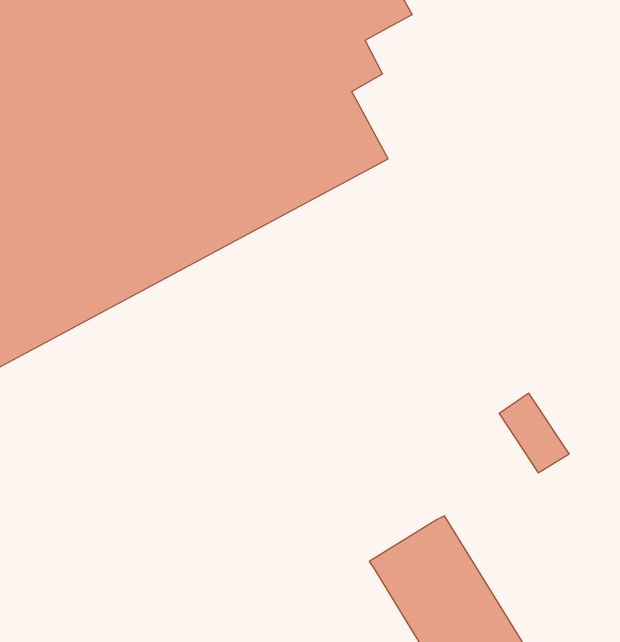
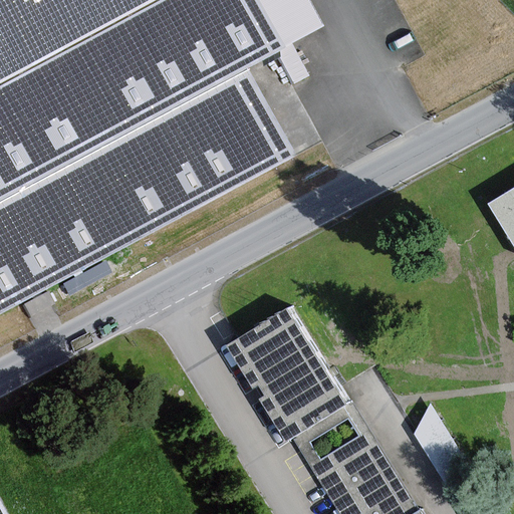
building: none -> [230,310,342,439]
building: [499,393,569,473] -> [411,407,463,466]

